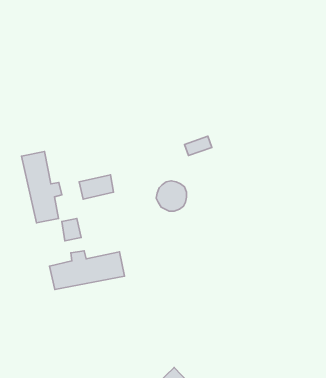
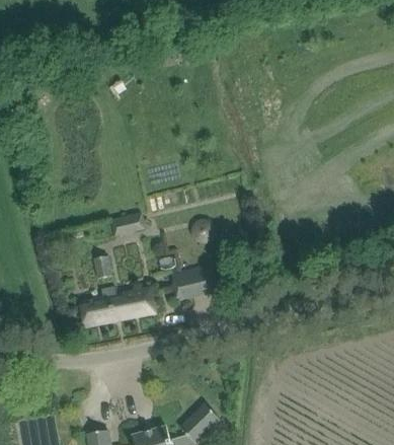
building: [22,151,62,223] -> none
building: none -> [171,265,217,300]

